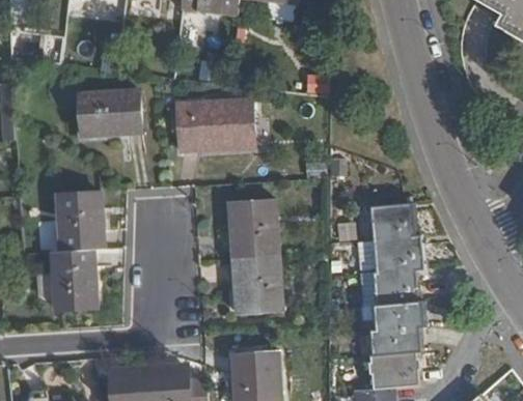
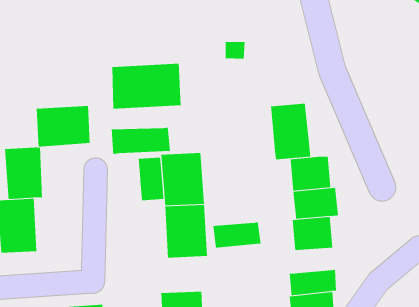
building: [78,91,138,137] -> [36,106,91,147]
building: none -> [271,103,311,160]
building: none -> [111,127,171,155]
building: none -> [138,157,164,201]
building: [374,303,428,332] -> [212,222,261,248]

